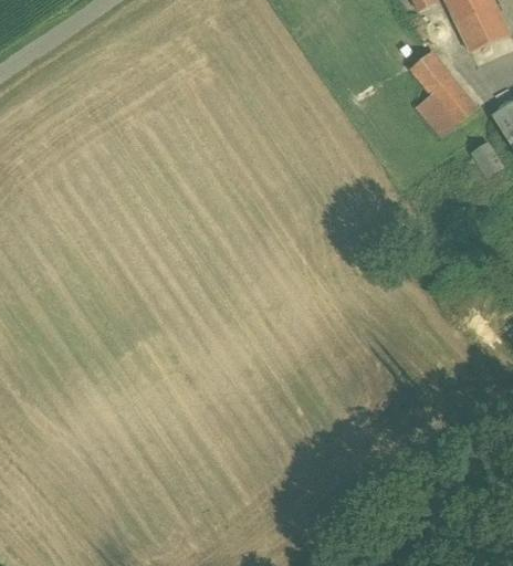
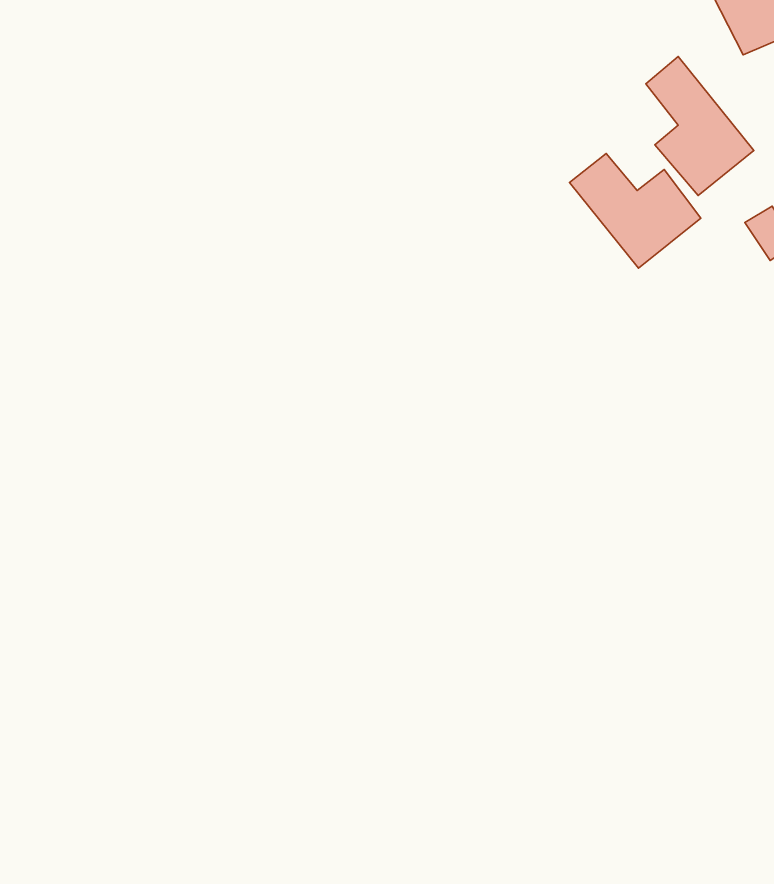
building: none -> [569,154,701,268]

